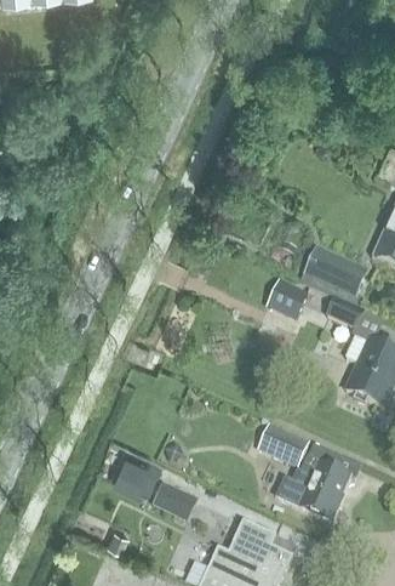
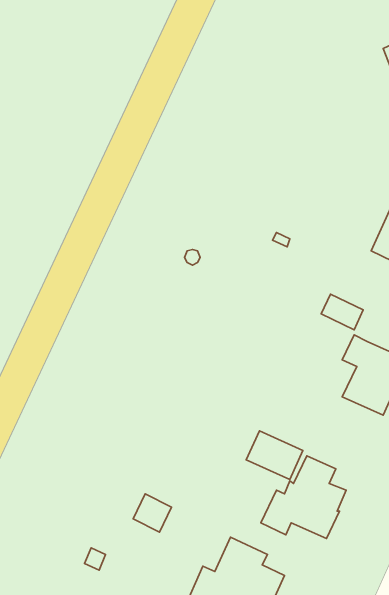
building: [302,245,367,297] -> none
building: [265,279,307,319] -> none
building: [119,456,159,496] -> none

